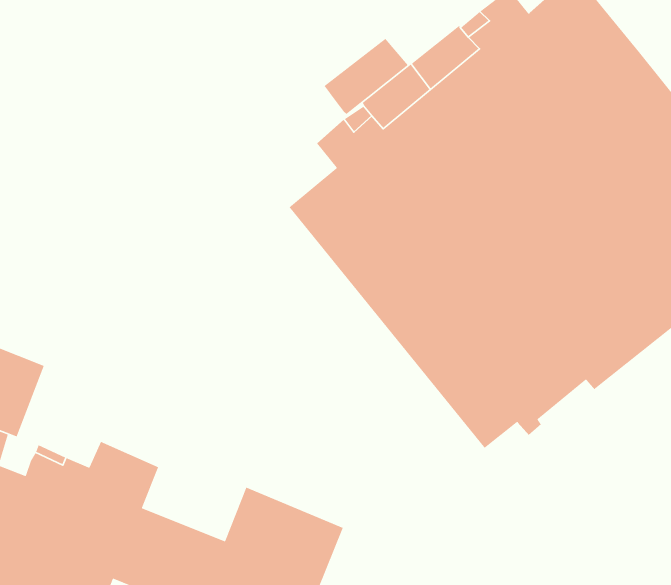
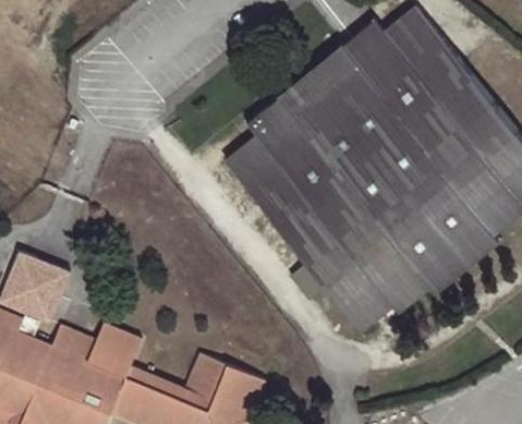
building: [324,38,409,115] -> none

